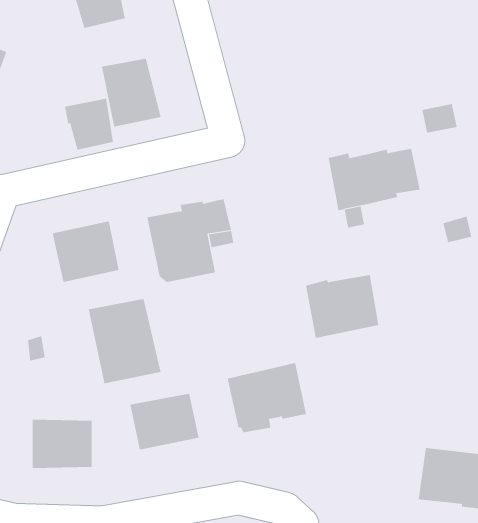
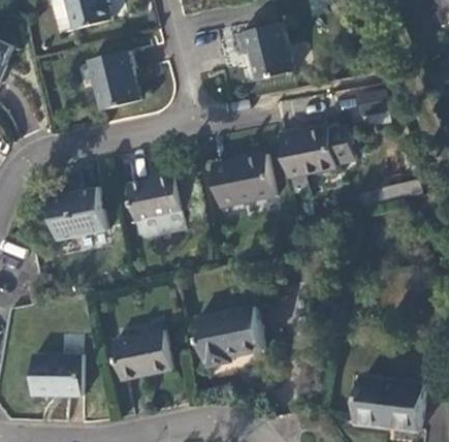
building: none -> [236,21,293,80]
building: [64,98,114,151] -> none
building: [305,275,379,339] -> [213,154,275,208]
building: [88,298,161,384] -> none

